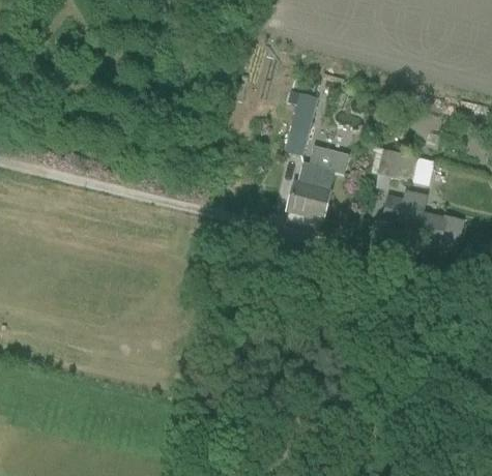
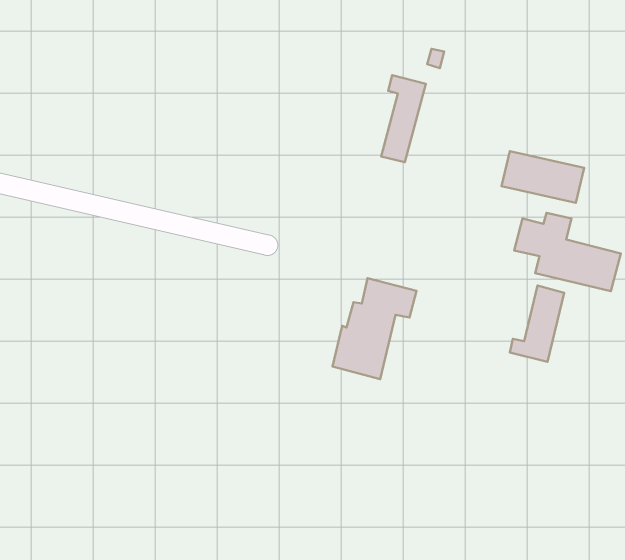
building: [288,145,350,219] -> [332,278,416,379]
building: none -> [510,286,564,362]

